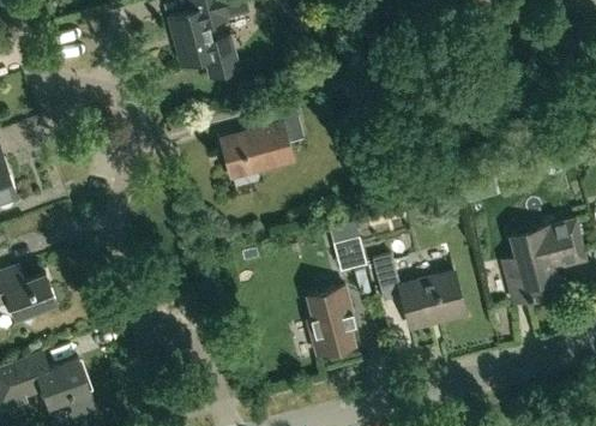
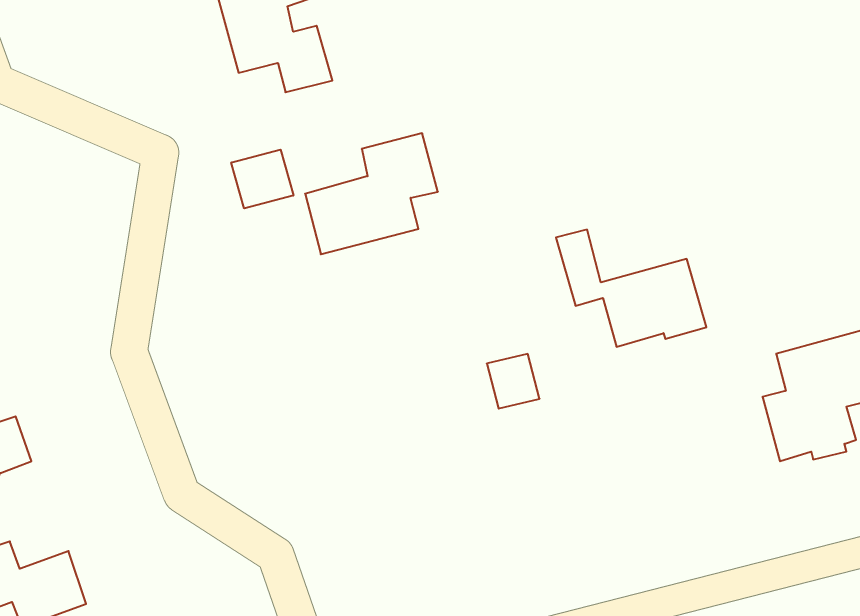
building: none -> [231,150,293,208]
building: [373,257,465,329] -> [556,230,706,347]
building: [307,287,355,355] -> none

